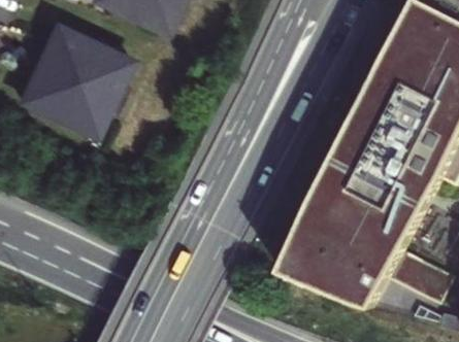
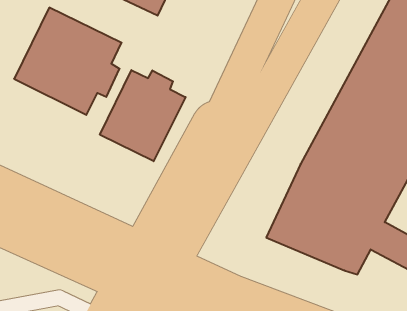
building: none -> [100,70,186,161]

